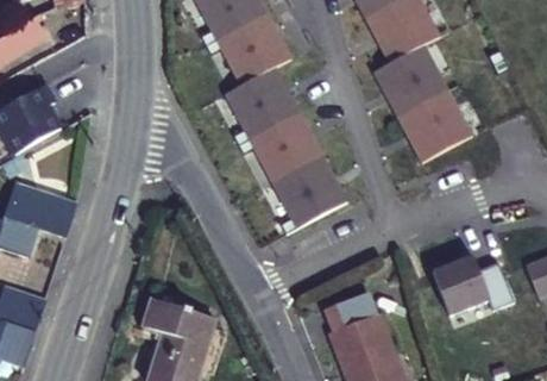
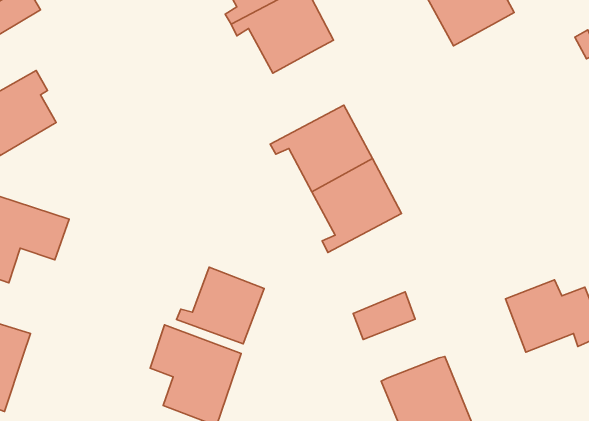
building: [373,44,472,162] -> none
building: [225,67,300,144] -> none
building: none -> [177,267,264,344]
building: [327,298,378,337] -> [353,292,415,339]

